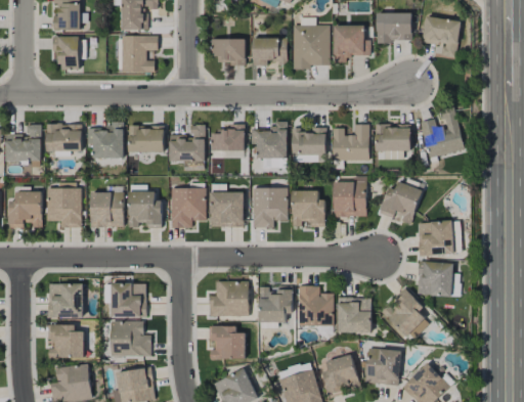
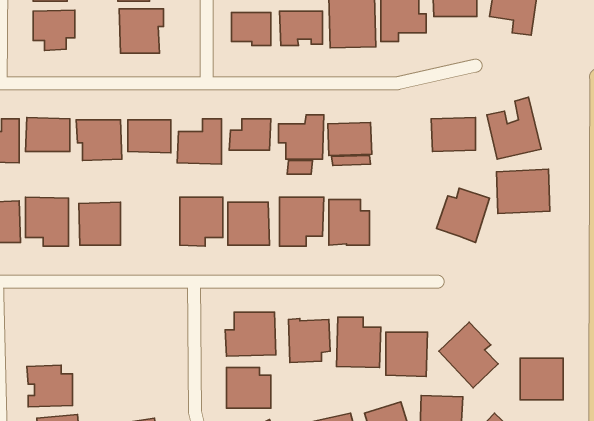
building: [332,124,369,161] -> none
building: [333,176,366,217] -> none
building: [128,191,162,227] -> none
building: [418,220,461,256] -> [497,169,550,214]
building: [418,262,452,296] -> [520,358,563,400]
building: [48,283,83,318] -> none
building: [111,283,146,317] -> none
building: [111,321,150,357] -> none

